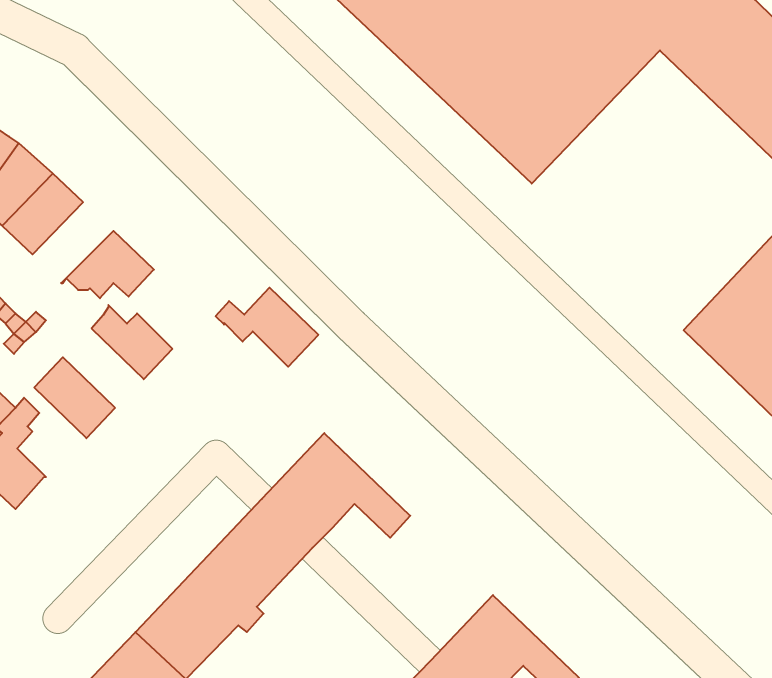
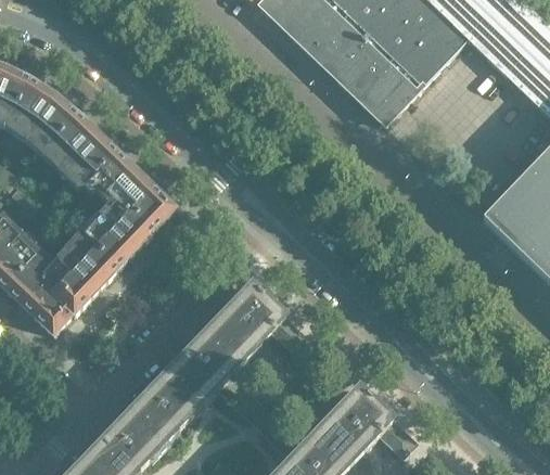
building: none -> [62,134,114,187]
building: [216,288,318,367] -> [105,178,171,229]
building: none -> [81,216,133,267]
building: none -> [52,254,97,313]

